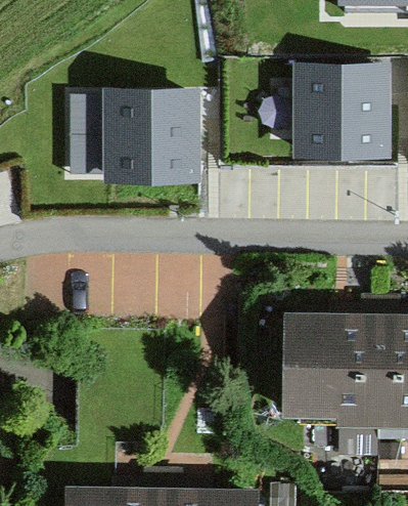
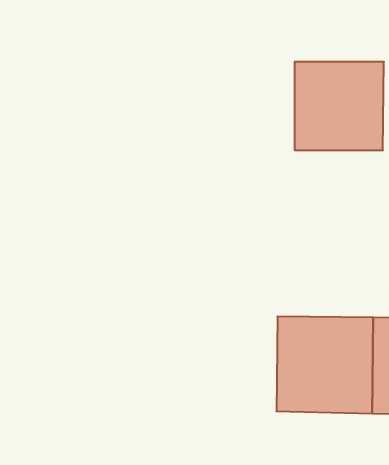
building: [112,99,197,182] -> none

